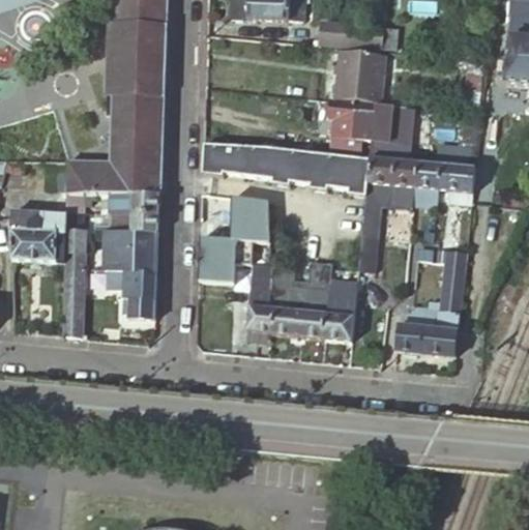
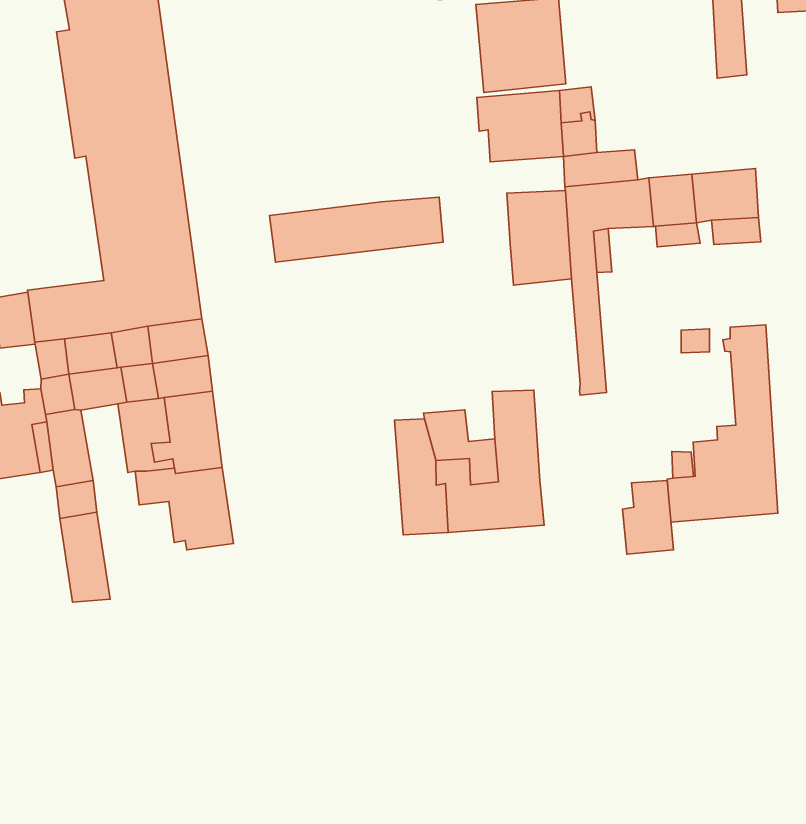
building: [298,149,337,181] -> none
building: [198,194,270,279] -> none
building: [326,299,355,340] -> [623,480,673,554]

